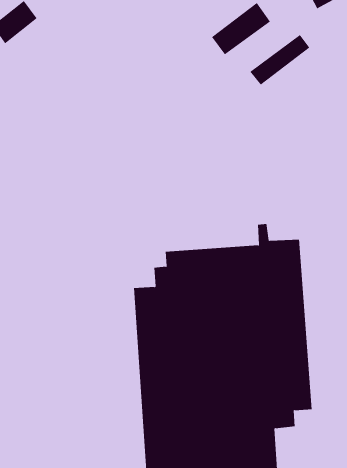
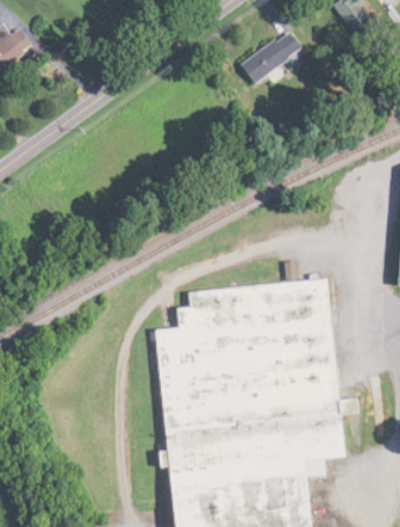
building: [250,34,310,86] -> none

